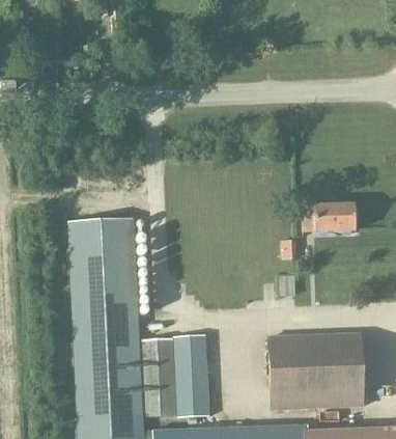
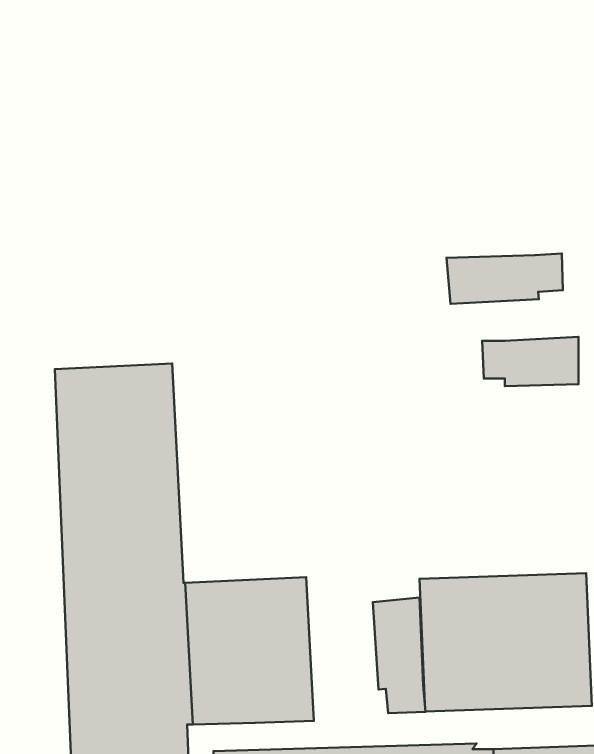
building: none -> [447,253,563,304]
building: none -> [373,598,425,713]

